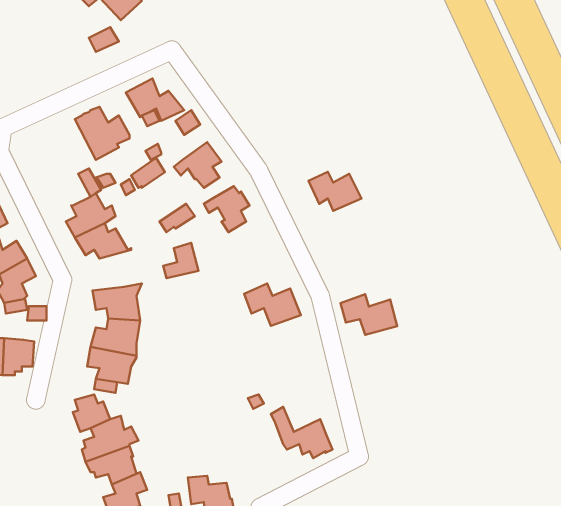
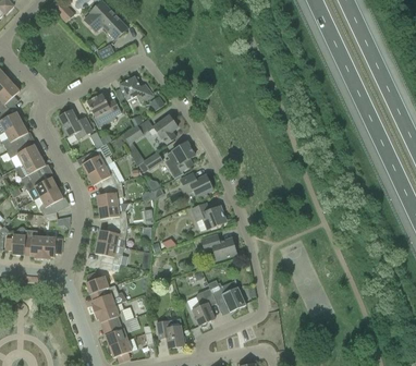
building: none -> [59,109,93,138]
building: [308,172,361,211] -> [181,172,213,196]
building: none -> [97,181,124,206]
building: [341,294,397,335] -> [201,233,236,258]
building: none -> [192,286,216,326]

